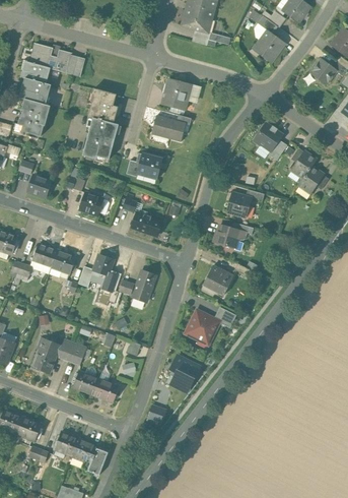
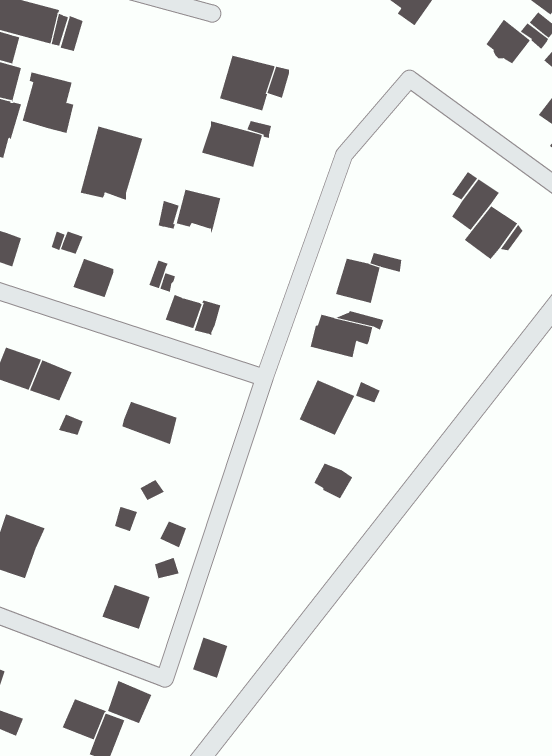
building: [87,89,117,124] -> [22,72,74,133]
building: [253,124,281,151] -> none
building: [91,252,116,284] -> none
building: [133,266,159,303] -> none
building: [185,311,218,341] -> none
building: [58,337,87,364] -> none
building: [168,354,201,393] -> none
building: [73,368,101,394] -> none
building: [54,432,79,456] -> [107,680,152,724]

